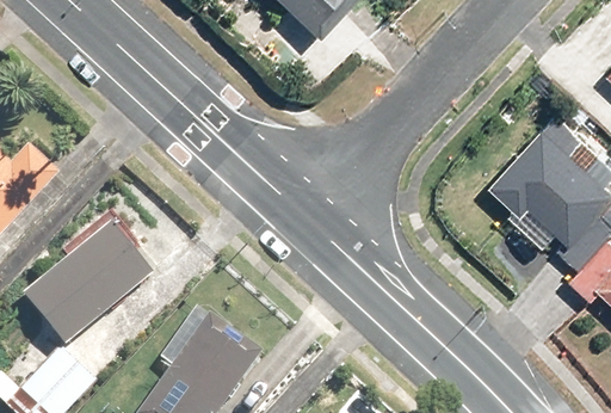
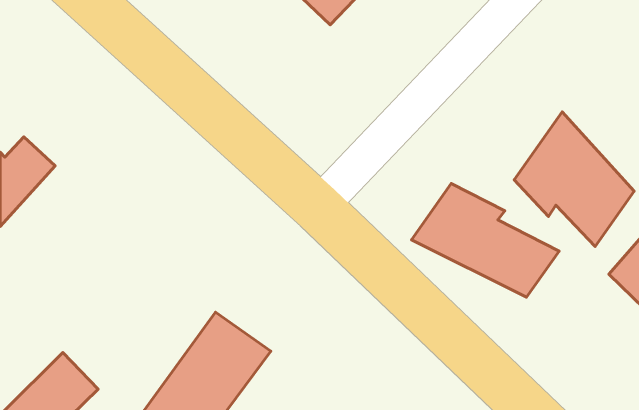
building: none -> [411,184,559,297]
building: [20,221,152,346] -> none

